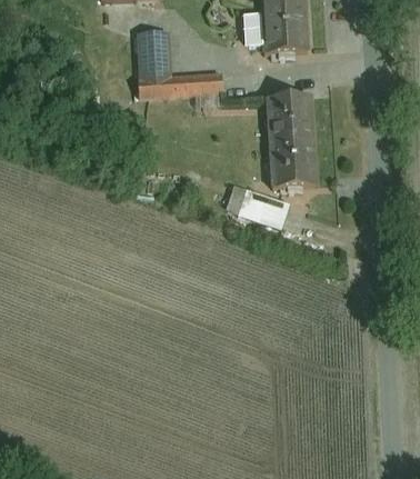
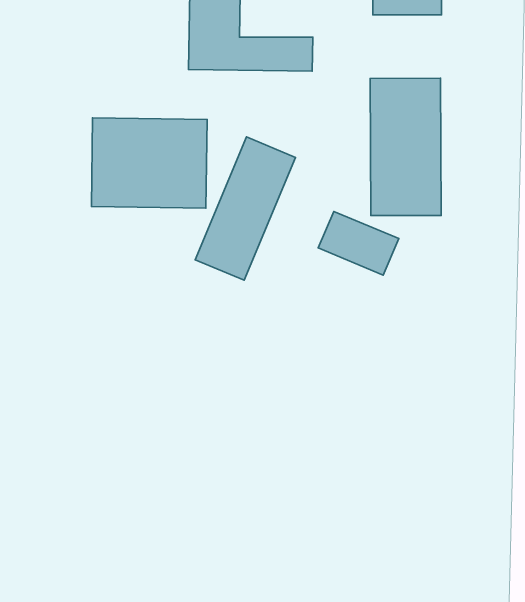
building: none -> [91,118,207,208]
building: none -> [195,137,296,280]

